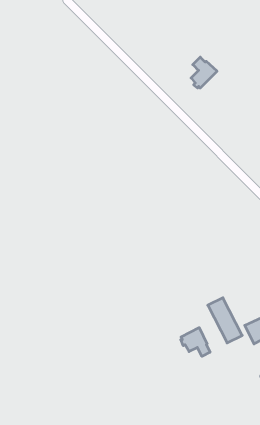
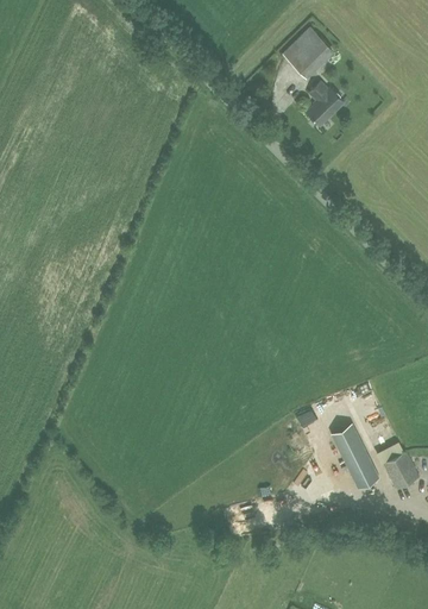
building: none -> [284,27,332,75]
building: [181,328,210,356] -> none

